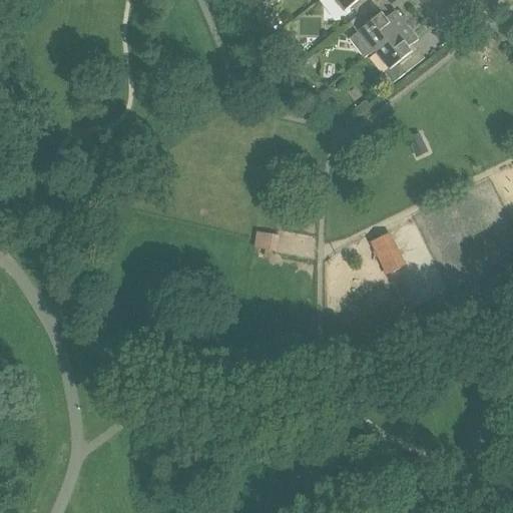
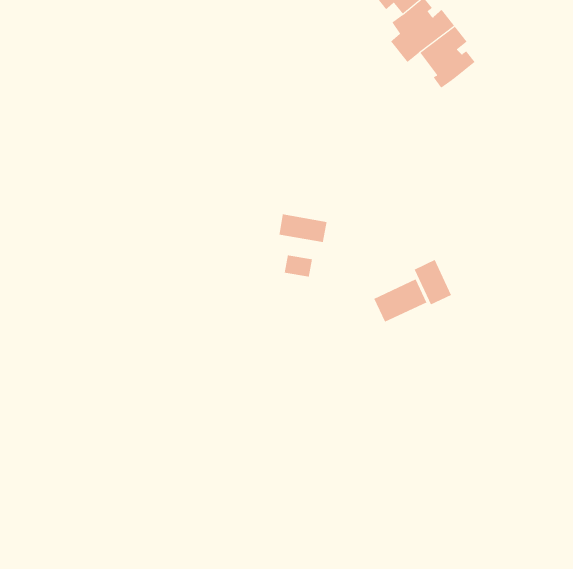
building: none -> [279,214,327,243]
building: none -> [374,279,427,323]

